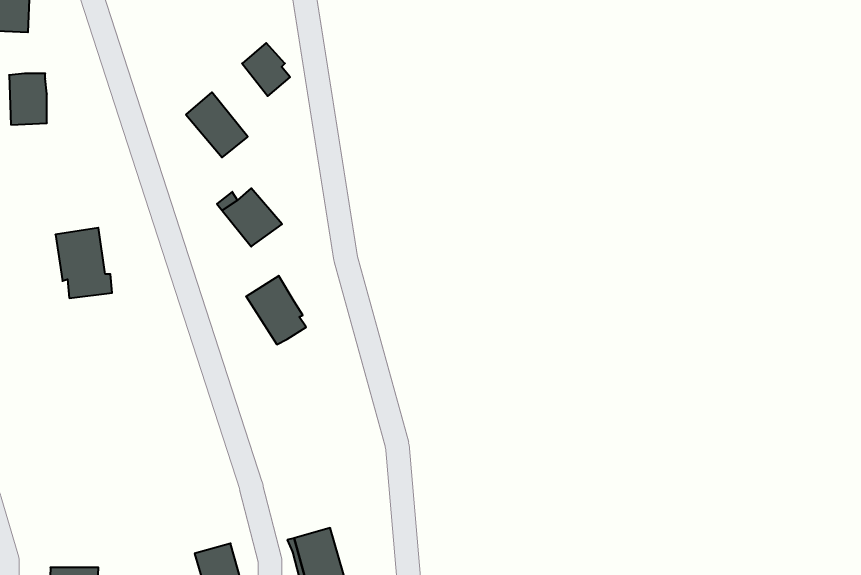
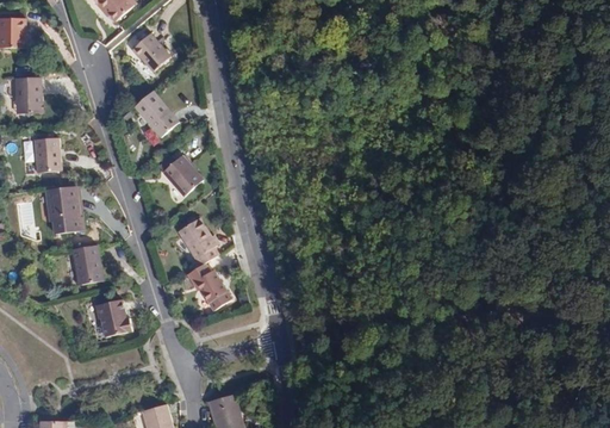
building: [242,43,290,96] -> [135,33,168,70]
building: none -> [33,138,61,173]
building: none -> [70,244,100,285]
building: none -> [186,262,226,303]
building: none -> [95,300,131,337]

